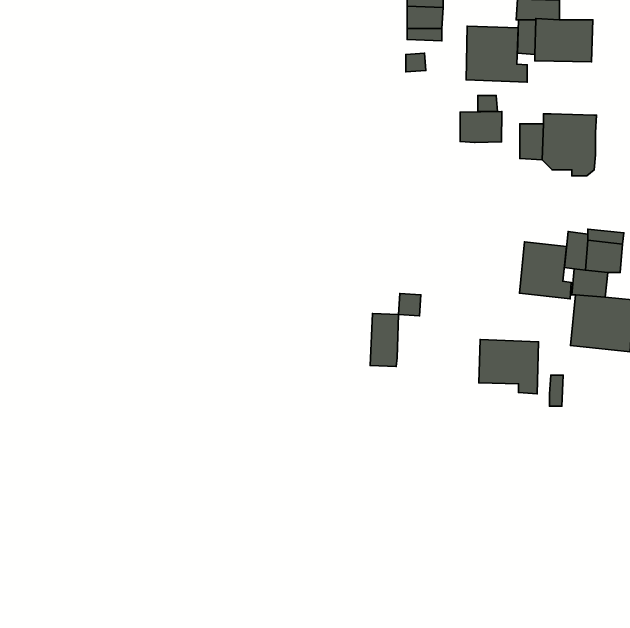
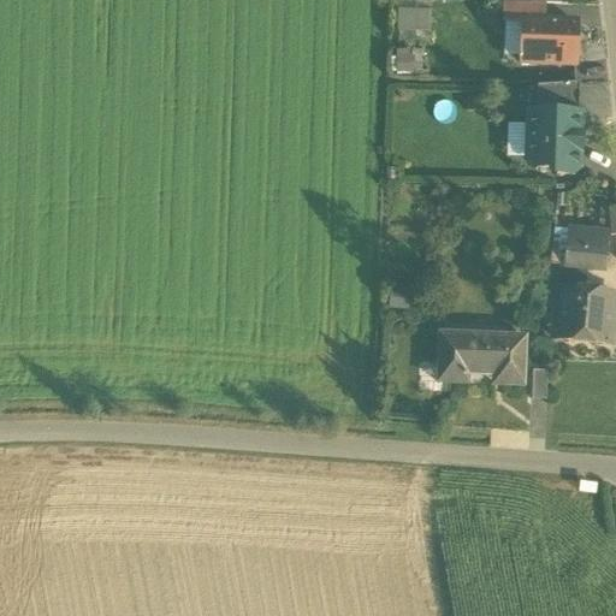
building: [466,26,527,82] -> none
building: none -> [538,79,581,112]
building: [460,111,502,142] -> none
building: [520,242,571,299] -> none
building: [370,313,399,367] -> [442,328,469,380]

